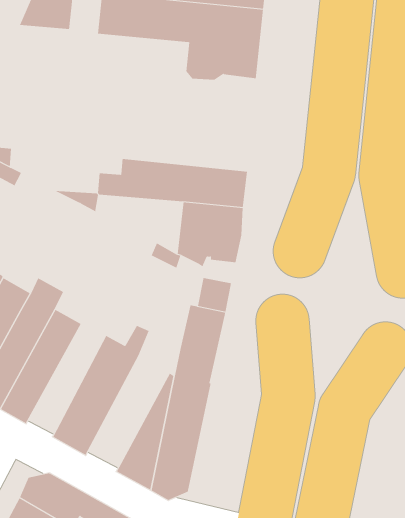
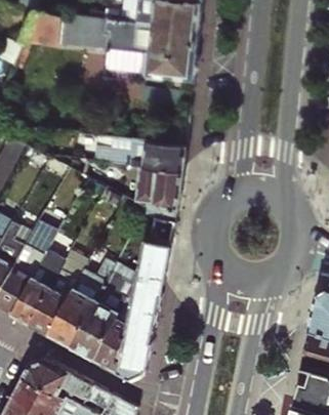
building: none -> [28,253,84,333]
building: none -> [70,258,136,358]

